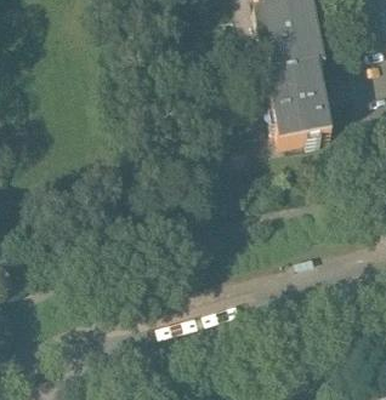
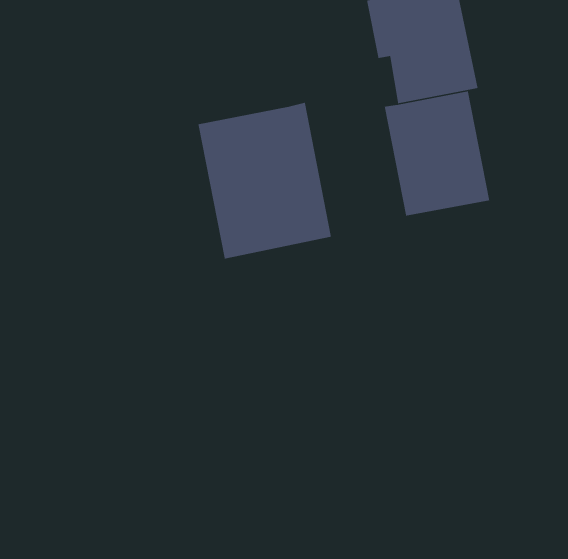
building: none -> [198,102,332,259]

